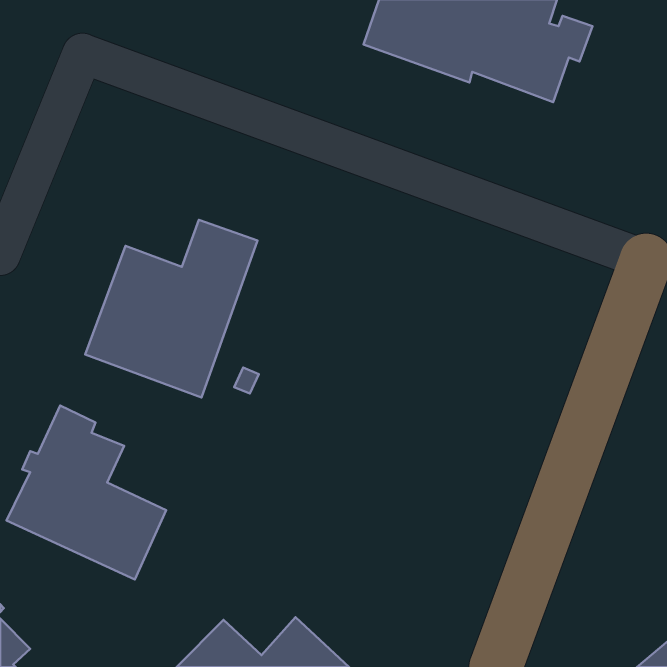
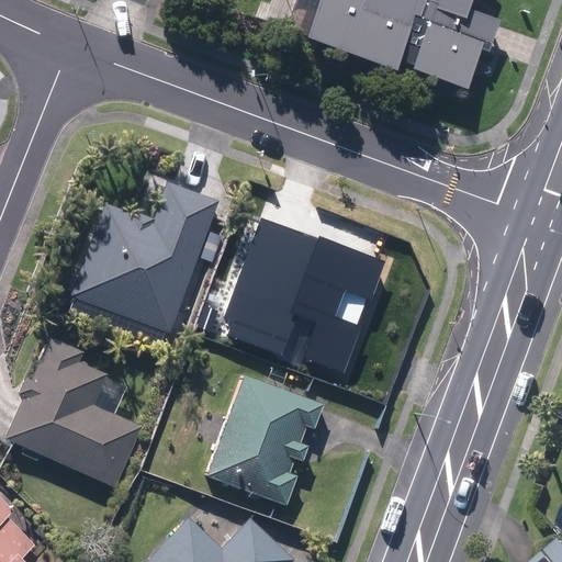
building: none -> [236,228,386,385]
building: none -> [207,375,323,505]

